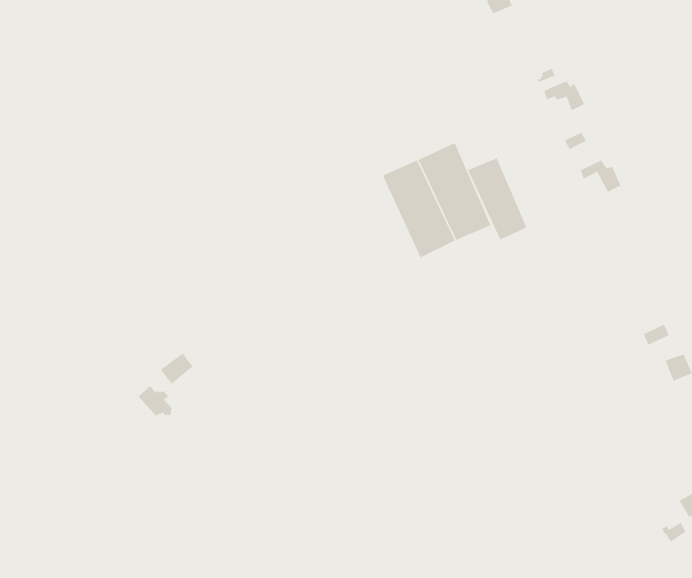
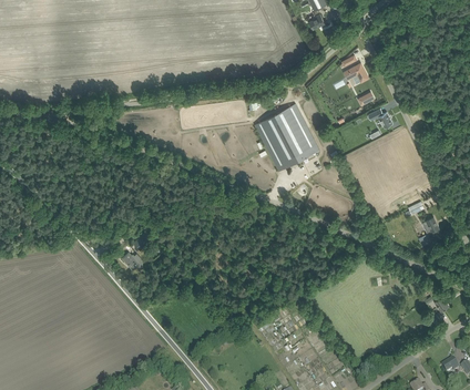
building: [467,157,527,241] -> none

